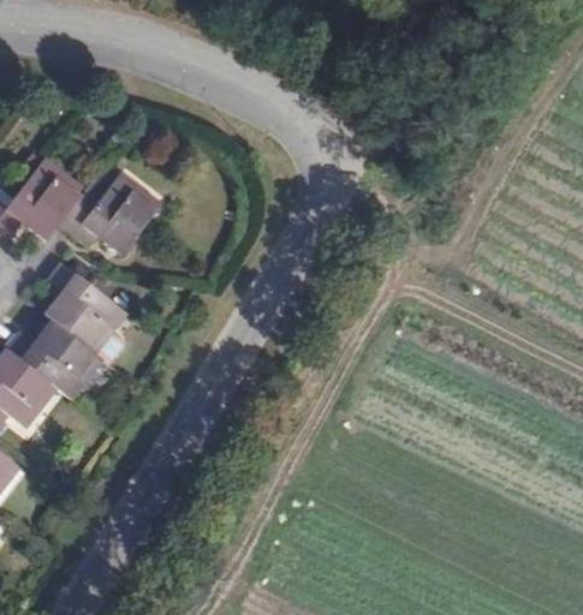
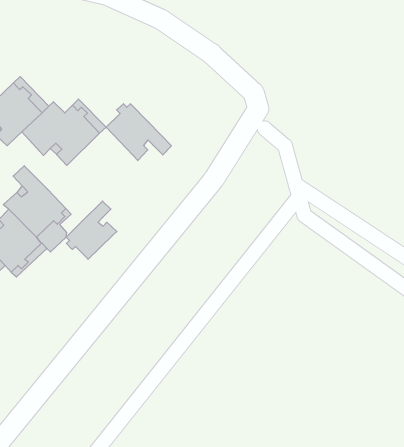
building: none -> [106,104,171,161]
building: none -> [66,201,117,259]

